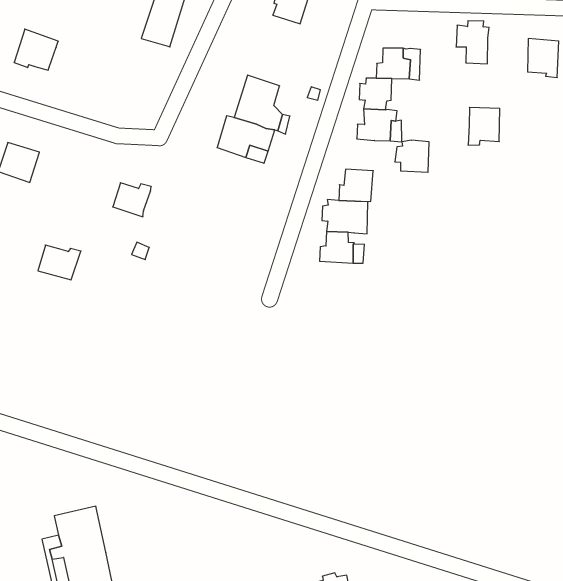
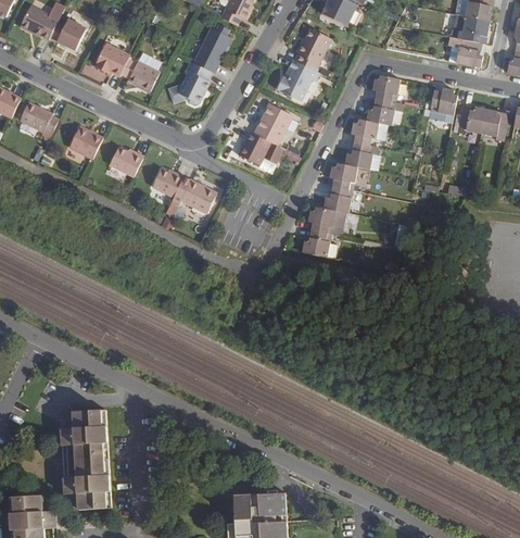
building: none -> [276,59,318,100]
building: none -> [371,75,398,101]
building: none -> [167,60,211,102]
building: none -> [119,59,158,90]
building: [468,107,500,145] -> [456,103,484,133]
building: [395,140,429,172] -> [328,163,356,189]
building: none -> [169,178,216,213]
building: [38,245,81,280] -> [109,146,143,175]

